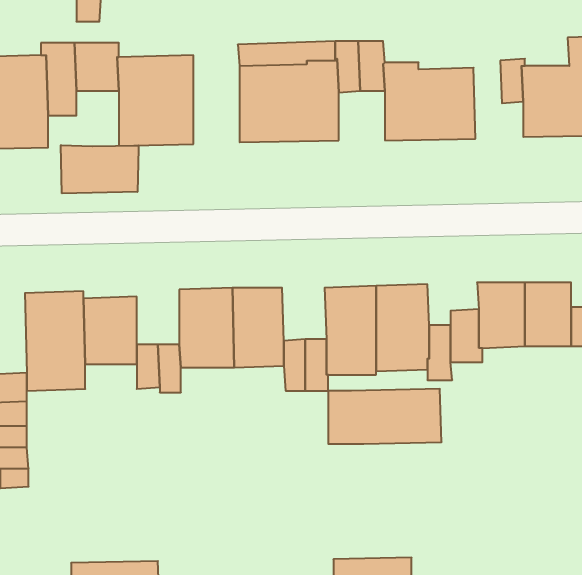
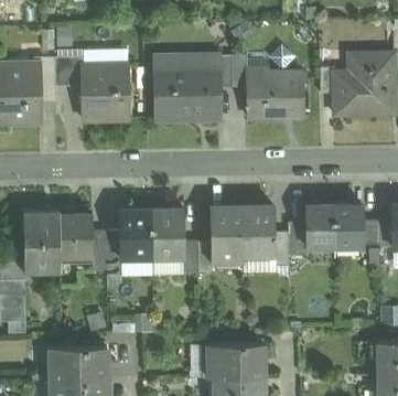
building: [61,145,139,193] -> none
building: [328,389,442,444] -> [193,343,263,377]
building: none -> [51,345,106,379]

